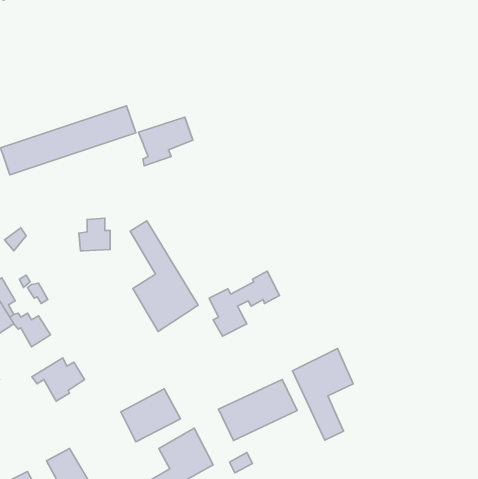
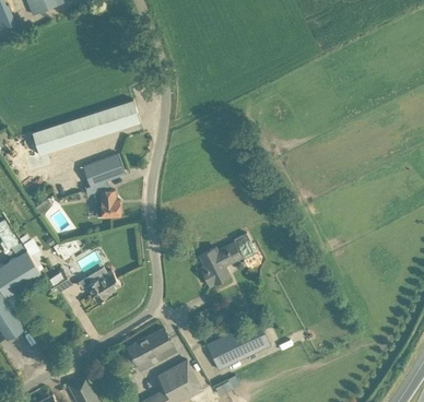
building: [139,117,193,166] -> [81,155,125,194]
building: [130,221,198,331] -> none
building: [292,349,353,440] -> none
building: [32,358,85,401] -> [78,268,120,303]

